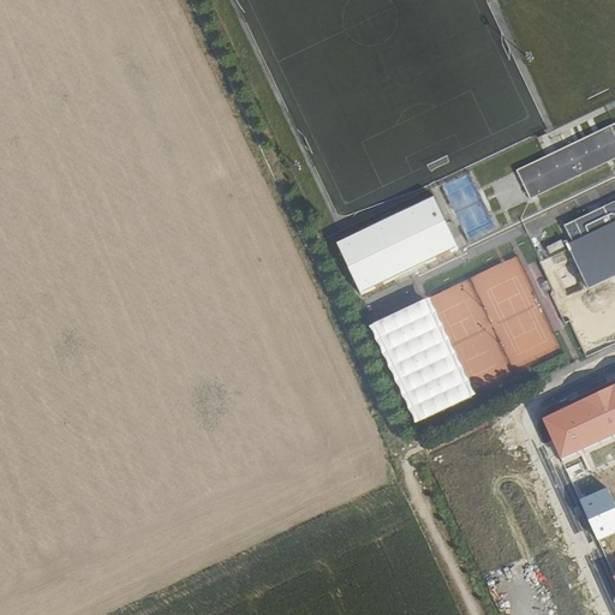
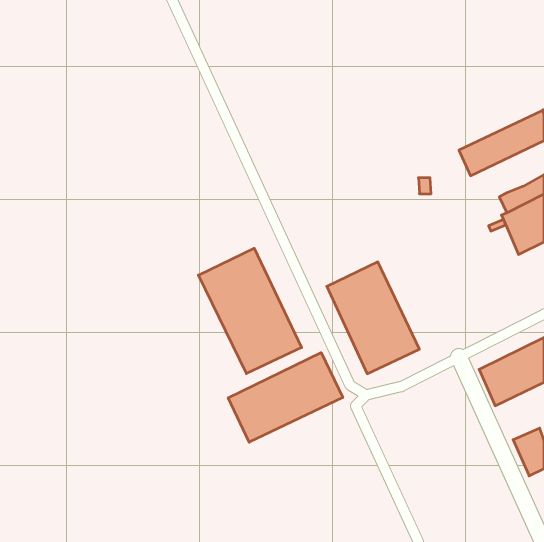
building: [334,195,464,300] -> none
building: none -> [198,248,302,374]
building: none -> [228,353,343,442]

